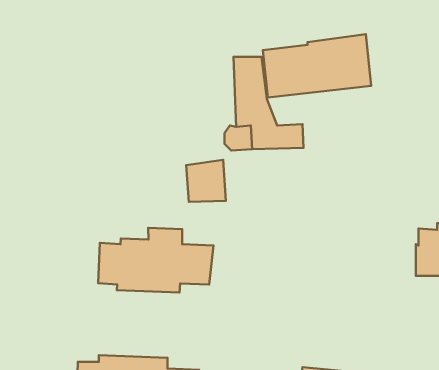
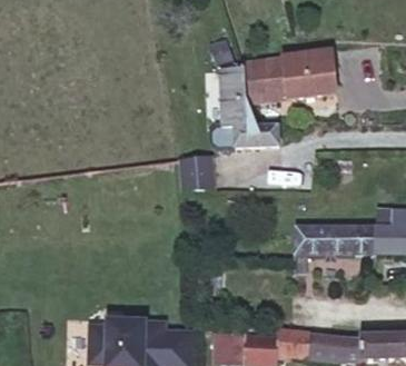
building: [98,228,213,293] -> none
building: none -> [295,226,374,271]

